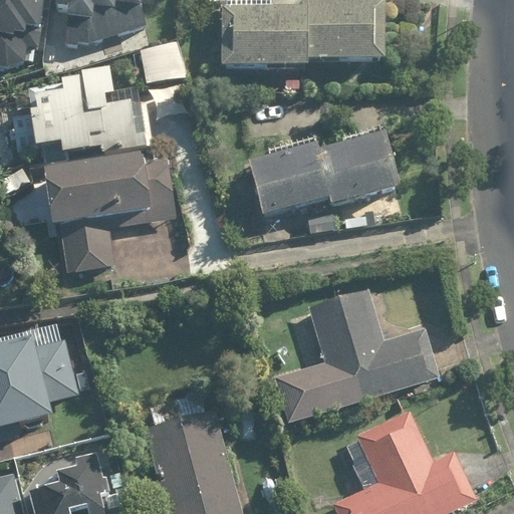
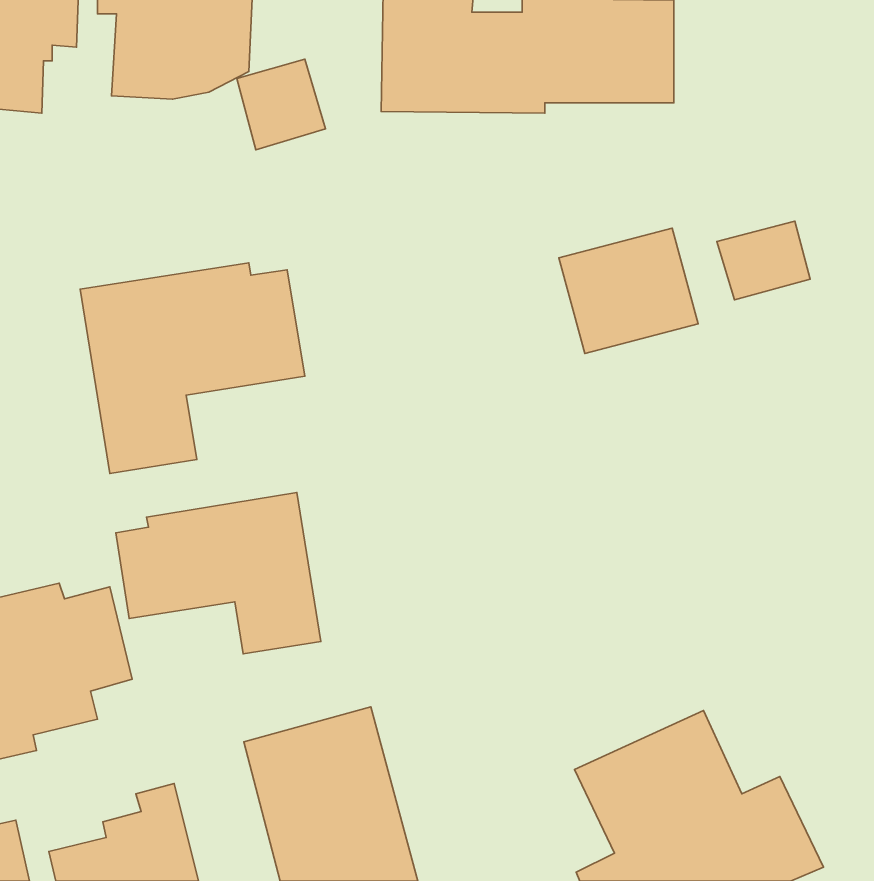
building: [30,65,149,155] -> none
building: none -> [717,221,810,300]
building: [249,142,335,216] -> none
building: none -> [116,492,321,654]
building: [268,286,438,423] -> none

